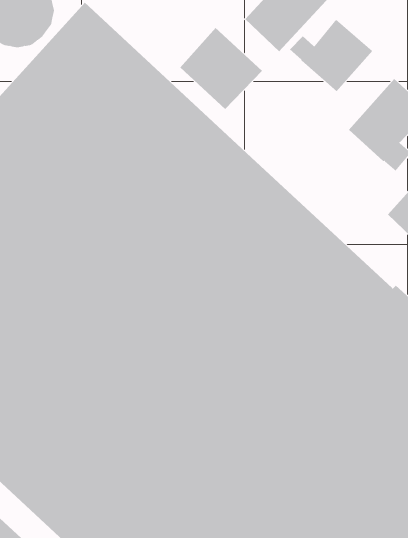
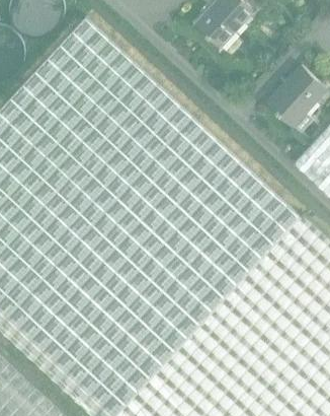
building: [289,19,373,92] -> none
building: [179,27,263,110] -> none

